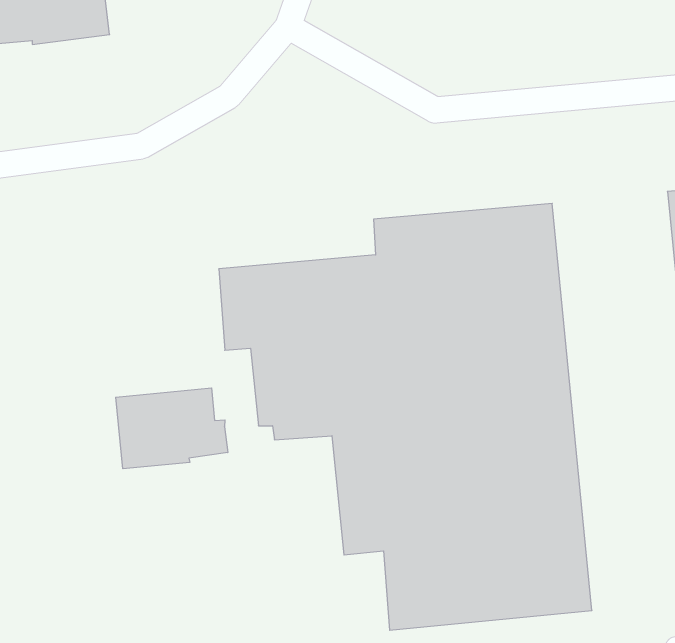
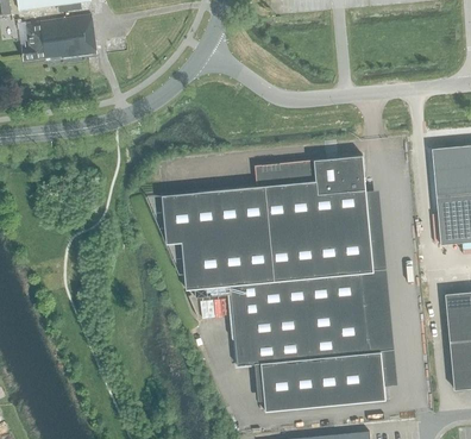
building: [116,388,228,469] -> none

